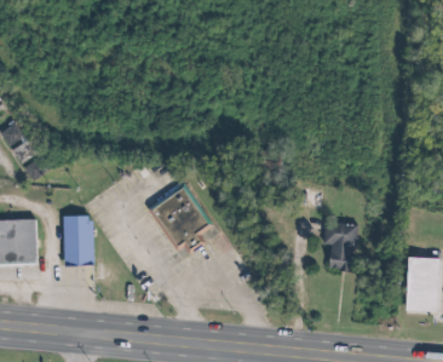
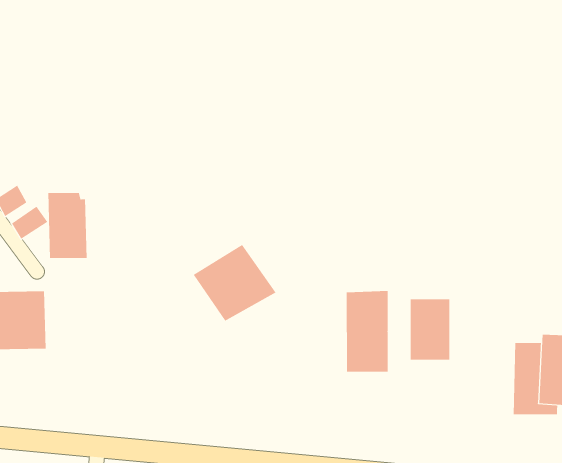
building: [64,212,94,262] -> [47,192,88,258]
building: none -> [346,290,388,373]

